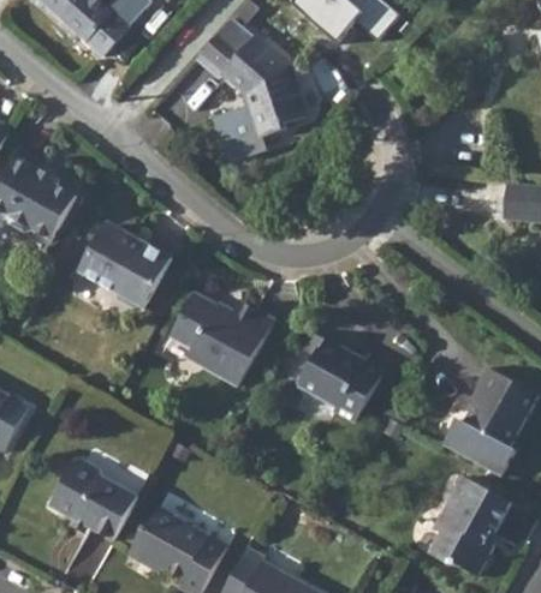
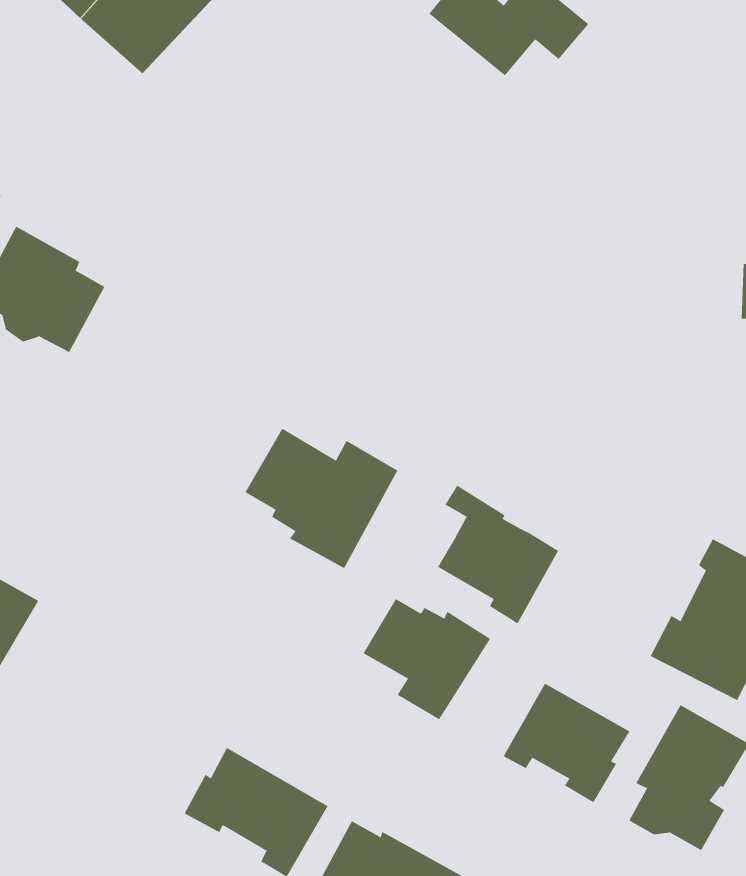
building: [195,12,308,160] -> none
building: [75,224,171,310] -> none
building: none -> [363,598,491,720]
building: [49,455,137,538] -> none
building: none -> [503,683,630,803]

